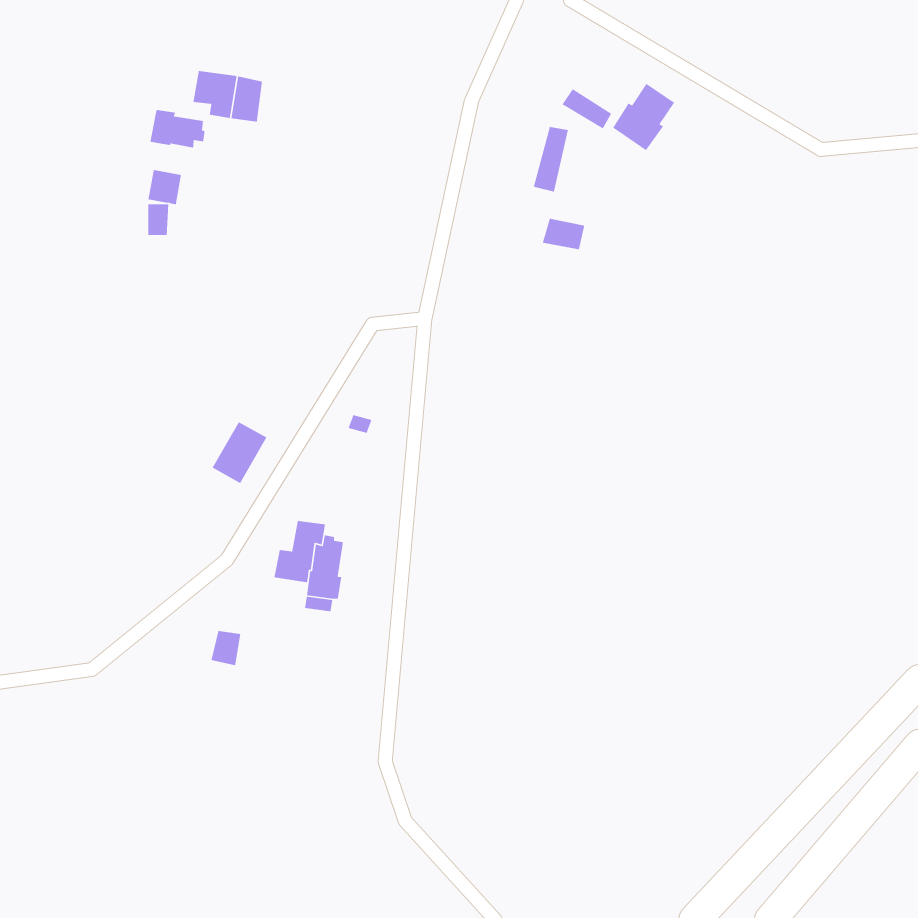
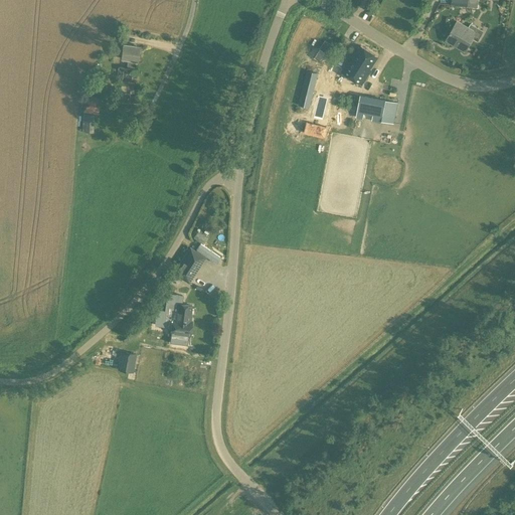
building: none -> [448,22,485,52]
building: [150,109,206,148] -> none
building: none -> [357,95,398,124]
building: [212,421,267,484] -> [175,249,206,285]

